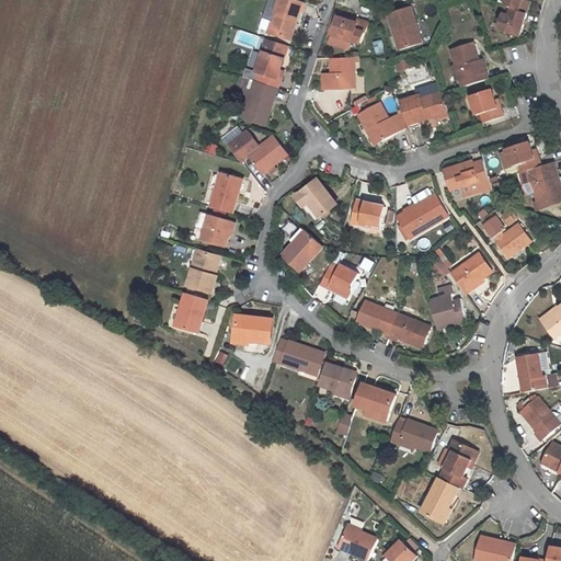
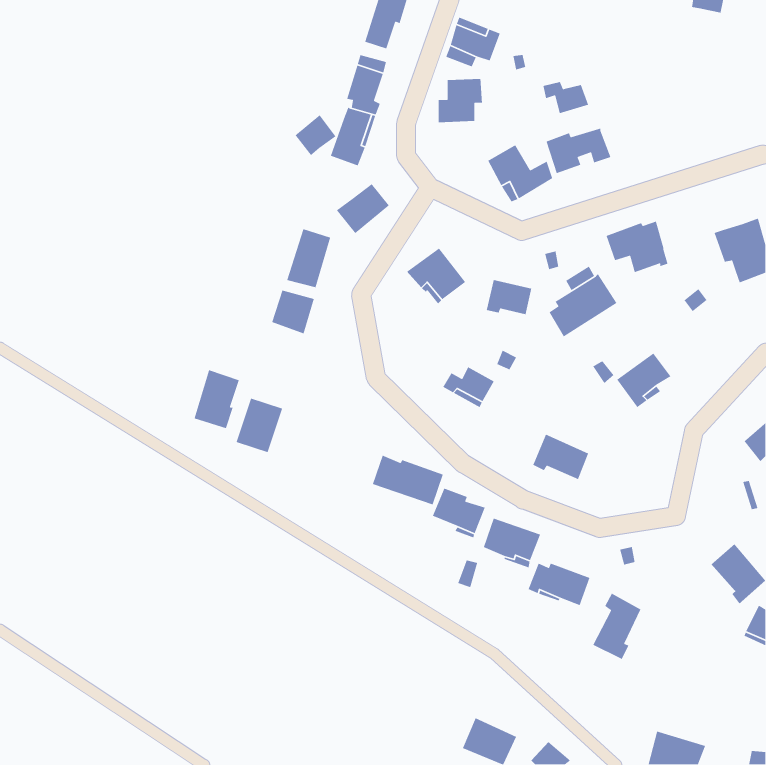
building: [385,5,419,49] -> none
building: [499,7,527,33] -> none
building: [450,43,488,89] -> none
building: [469,88,504,123] -> none
building: [227,128,257,159] -> [294,114,336,156]
building: [499,136,542,170] -> none
building: [481,218,533,261] -> none
building: [287,234,327,275] -> none
building: [185,248,219,291] -> [193,369,240,429]
building: [427,286,466,325] -> none
building: [358,302,399,337] -> none
building: [230,313,268,343] -> none
building: [517,353,546,392] -> none
building: [417,470,453,510] -> none

